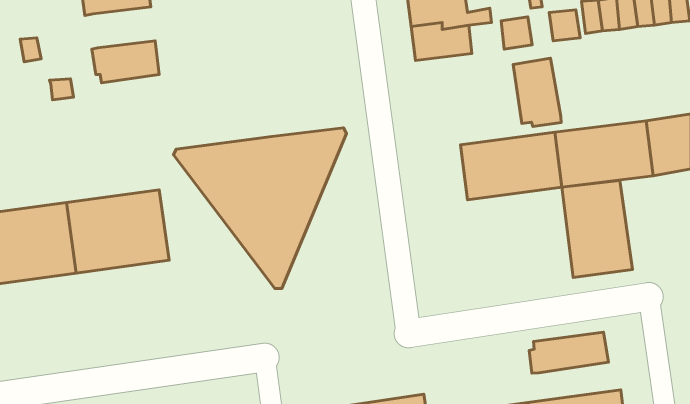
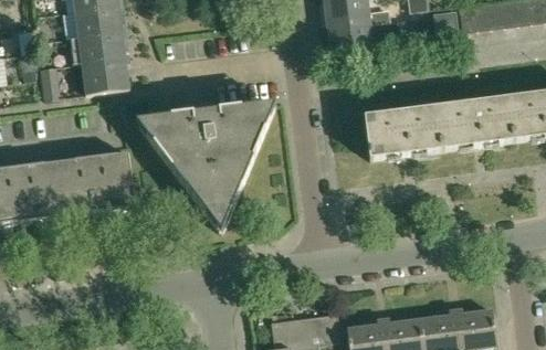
building: none -> [63,8,124,40]
building: [513,58,561,126] -> none
building: none -> [82,61,130,94]
building: [562,181,632,278] -> none
building: [529,332,608,373] -> none

